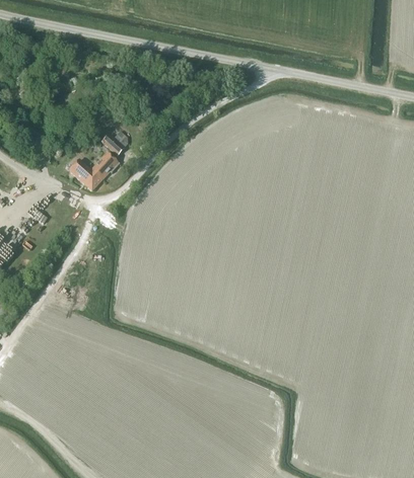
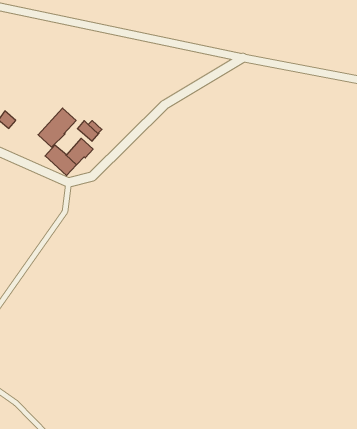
building: none -> [38,108,76,147]

